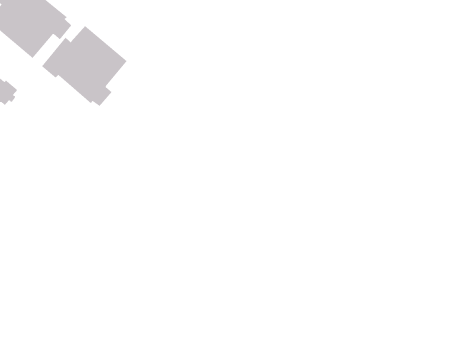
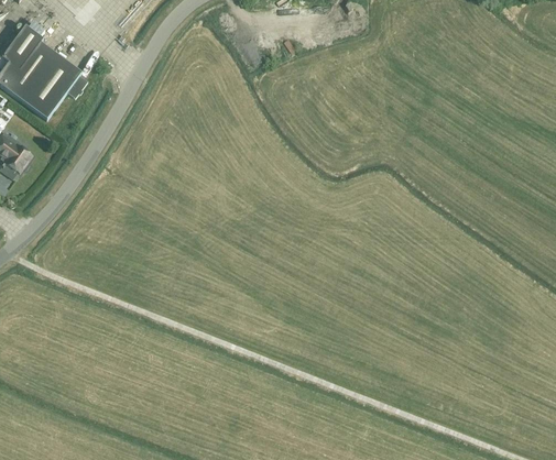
building: [41,25,127,107] -> none

